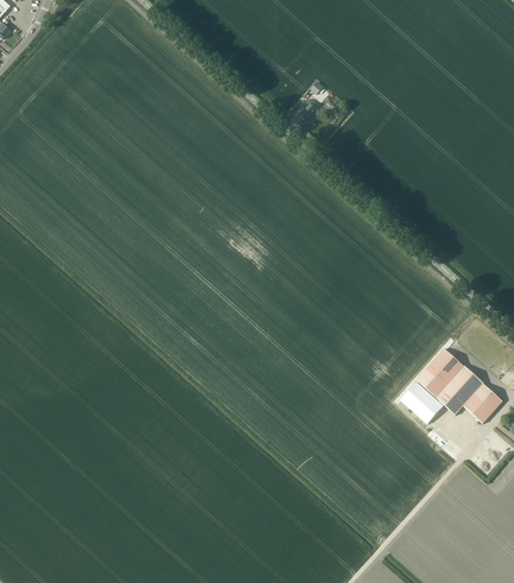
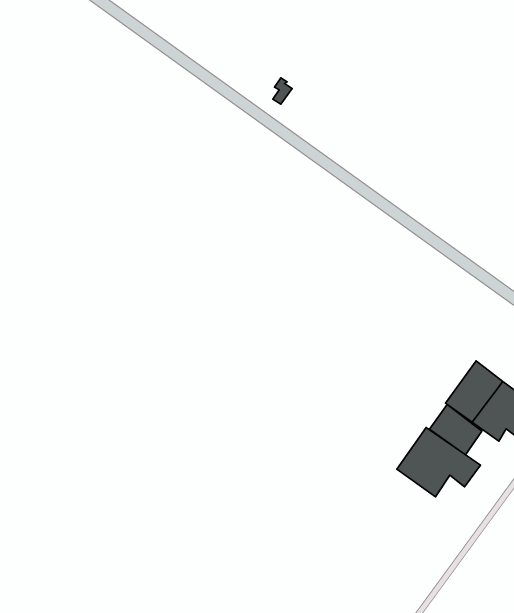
building: none -> [397,427,480,497]

